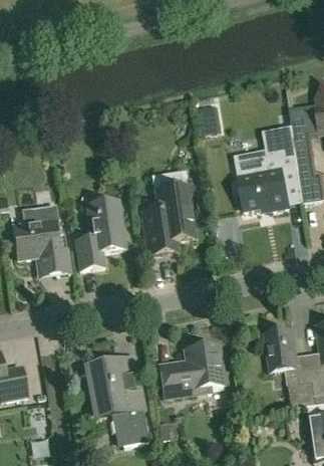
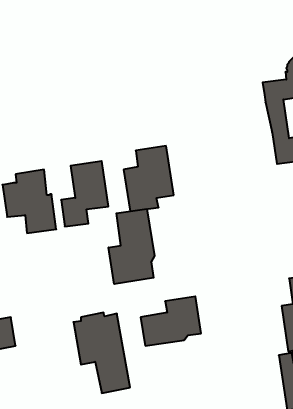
building: [236,129,299,210] -> none
building: none -> [109,209,155,284]
building: [265,327,316,404] -> none

